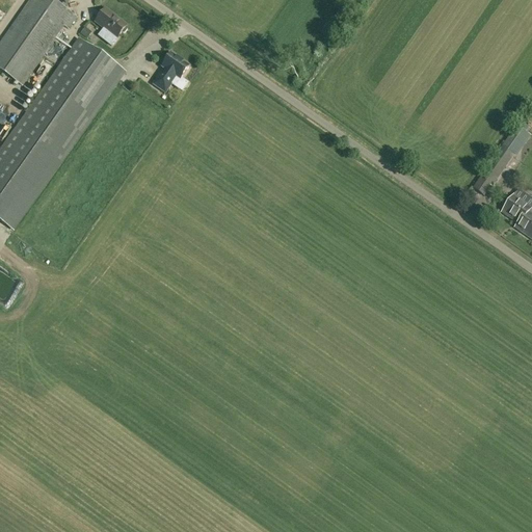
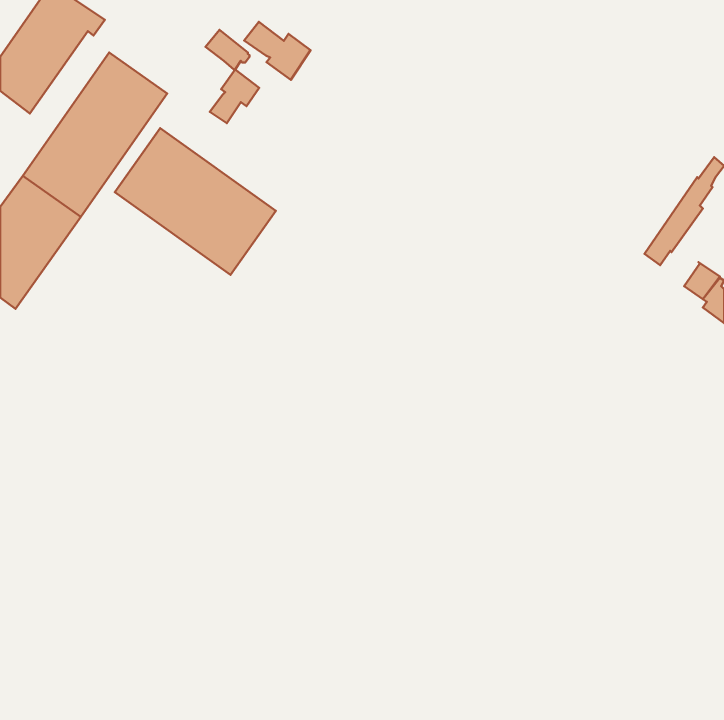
building: [96,7,128,36] -> [205,30,249,69]
building: none -> [244,22,311,80]
building: none -> [115,128,276,275]

